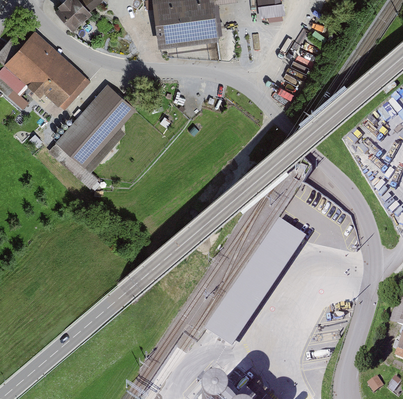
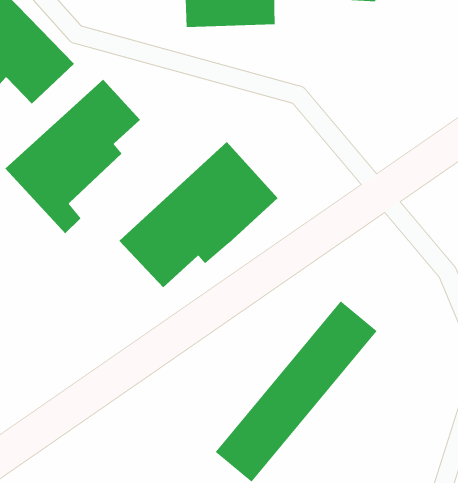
building: none -> [119,141,278,288]

